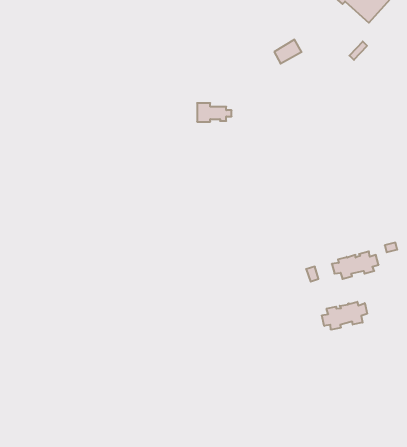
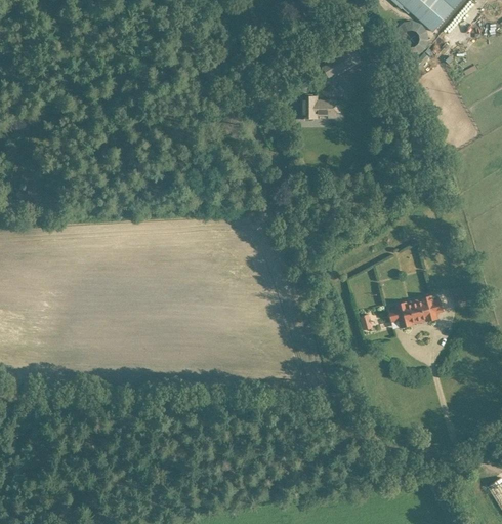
building: [197,103,232,122] -> [304,96,344,118]
building: [322,302,367,330] -> none

